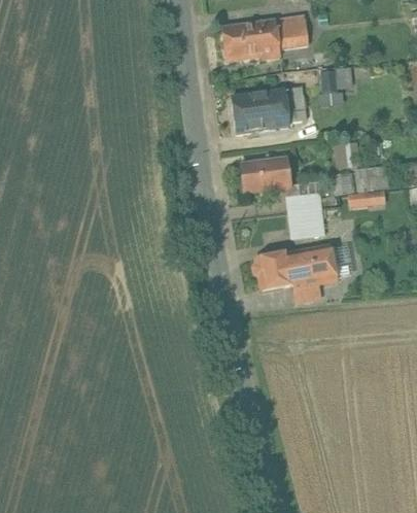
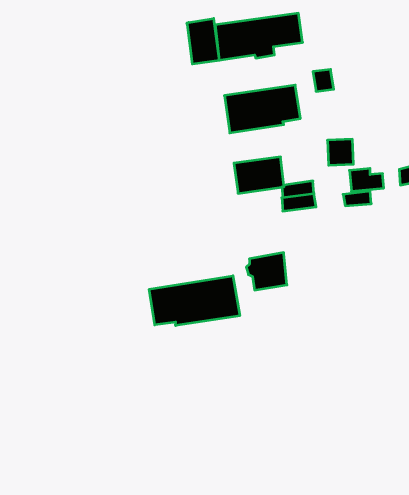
building: none -> [187,18,219,64]
building: [288,207,324,239] -> none
building: [289,244,339,288] -> none
building: none -> [149,276,240,326]

